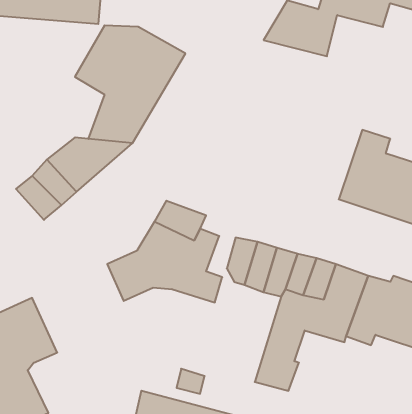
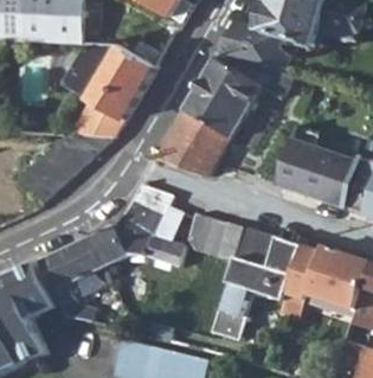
building: none -> [154,56,291,175]
building: none -> [39,236,111,320]

